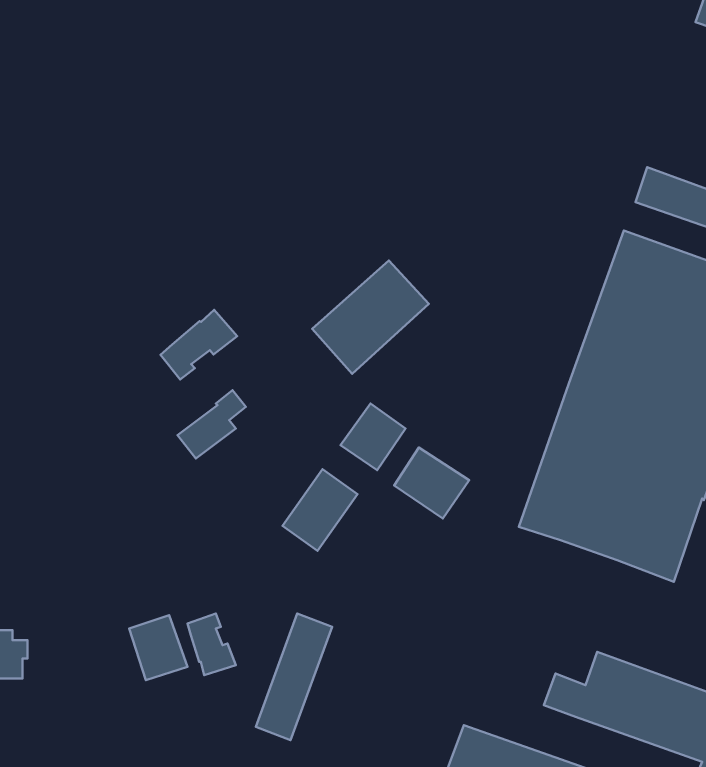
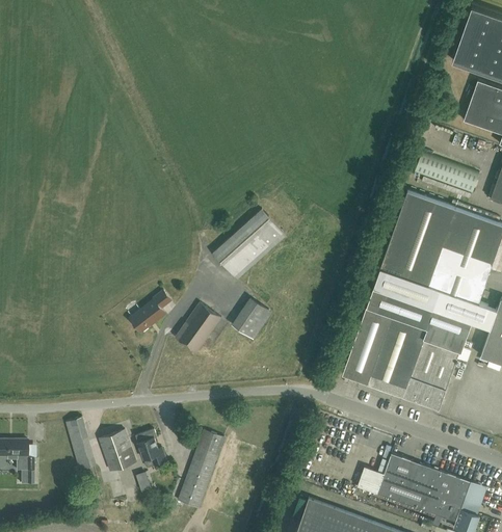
building: [161,310,237,380] -> none
building: [394,447,469,519] -> none
building: [282,469,357,551] -> [175,303,221,354]
building: none -> [65,418,93,472]

